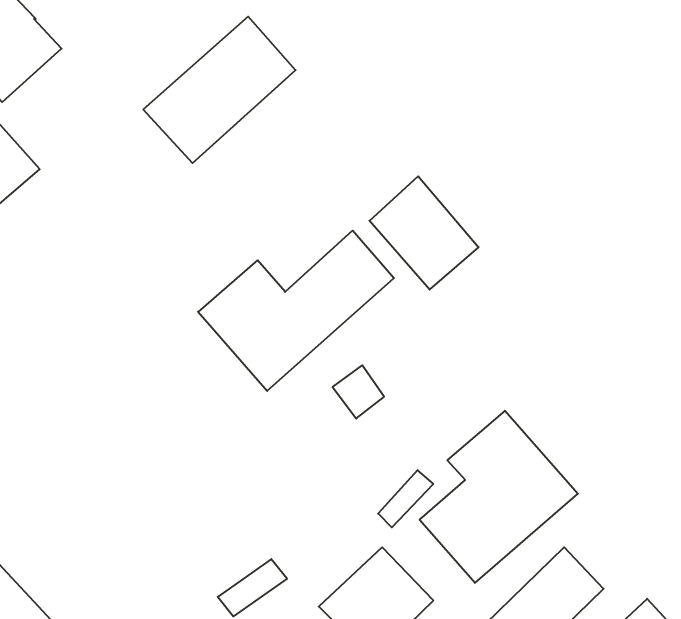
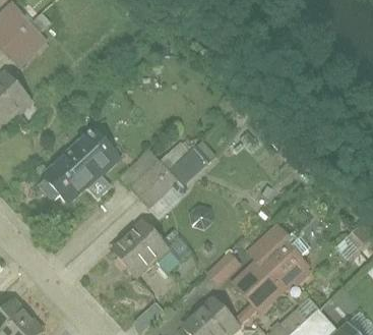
building: [143,17,296,163] -> [45,128,123,204]
building: [369,176,479,290] -> none
building: none -> [111,218,171,278]

